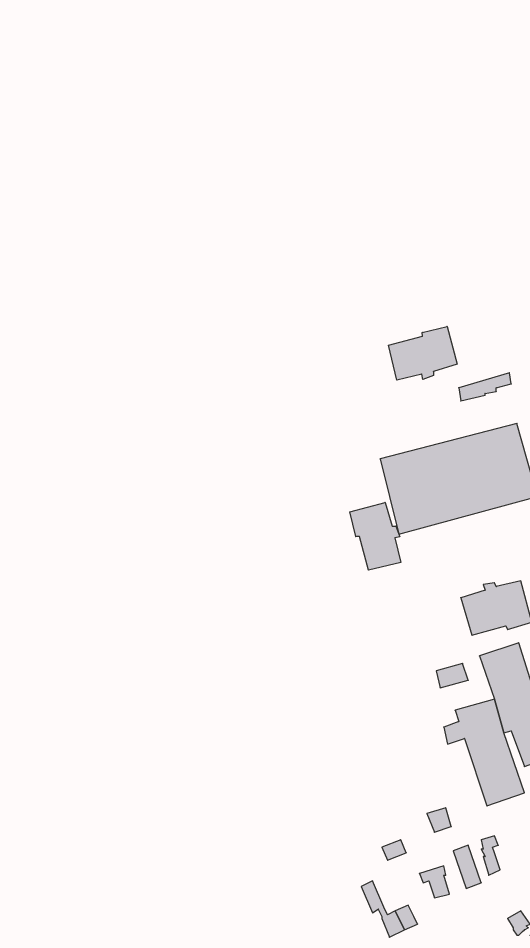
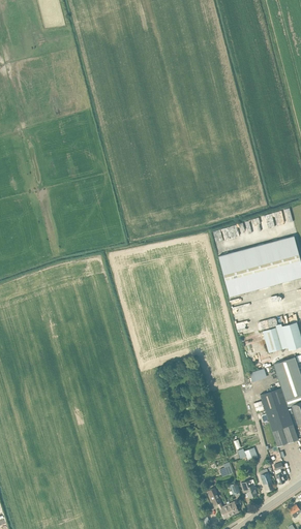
building: [389,326,457,380] -> none
building: [350,502,401,570] -> none

